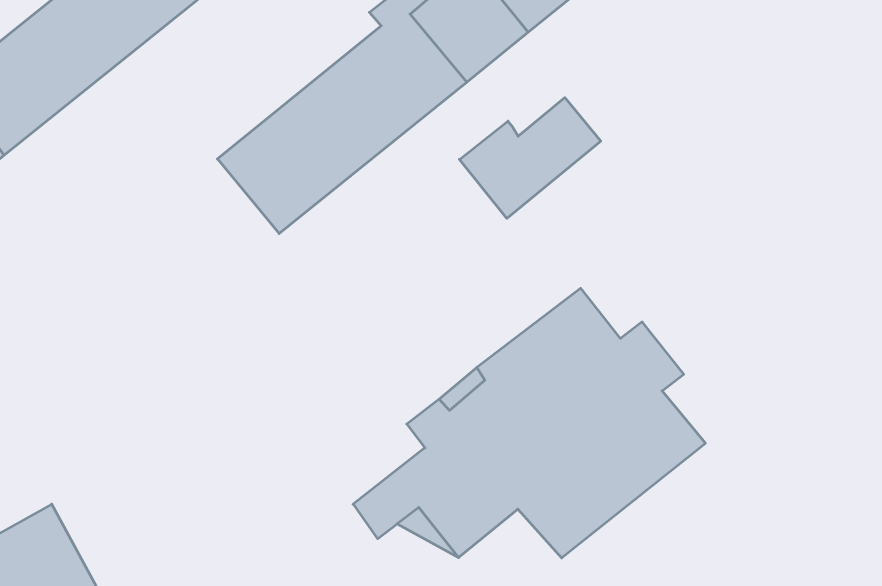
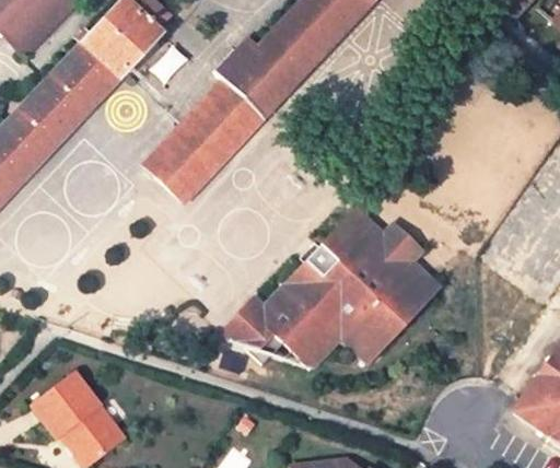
building: [459,98,601,218] -> none
building: none -> [221,296,283,348]

